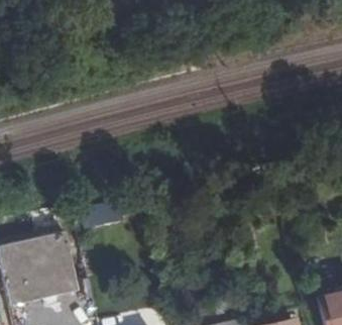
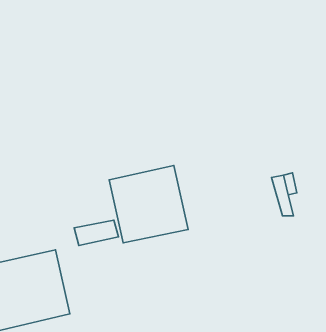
building: none -> [109,165,188,243]

